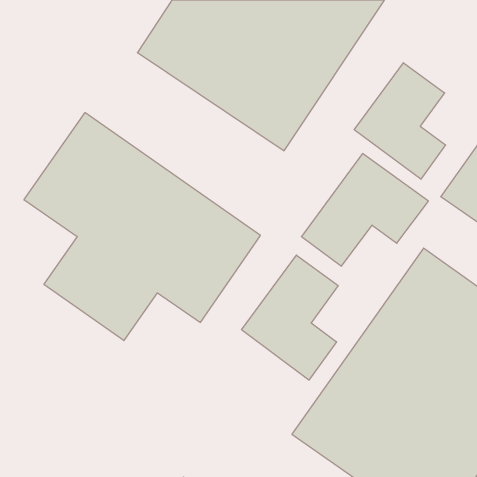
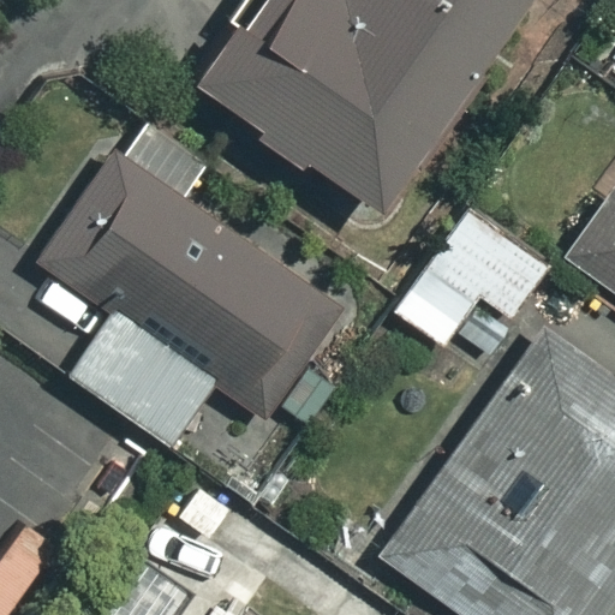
building: [354,63,446,179] -> none
building: [242,255,338,380] -> none

